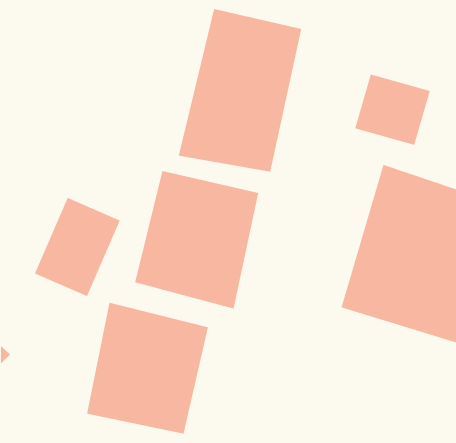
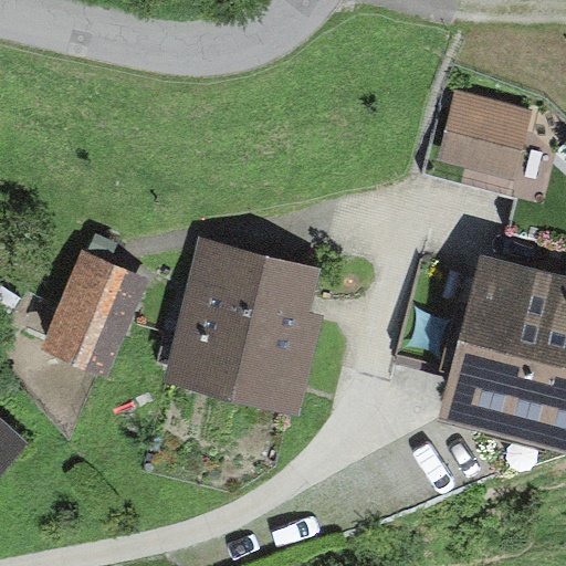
building: [178,8,302,173] -> none
building: [86,302,209,434] -> none

